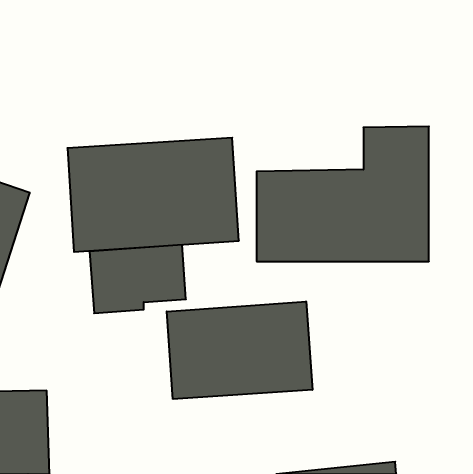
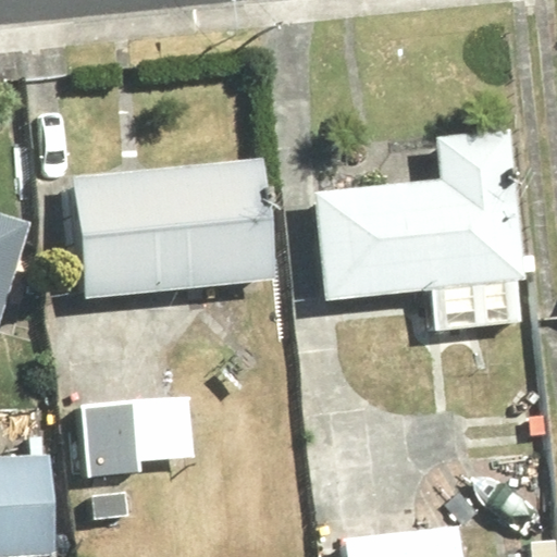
building: [89,245,186,313] -> [81,396,193,475]
building: [167,301,312,399] -> none

